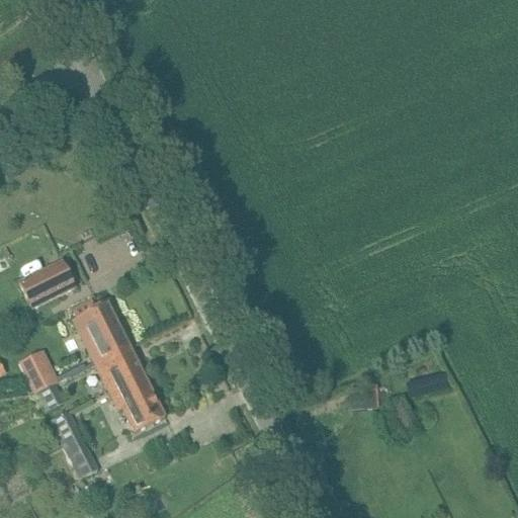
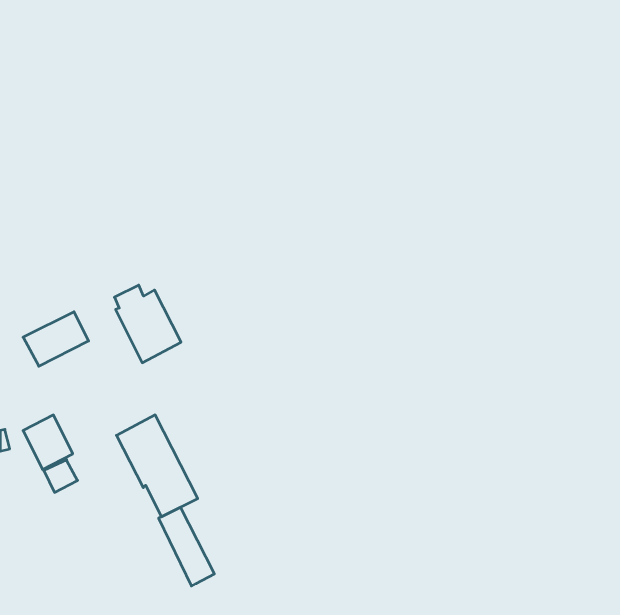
building: [74,298,130,363] -> [114,285,181,363]
building: [52,412,98,478] -> [159,507,214,586]

